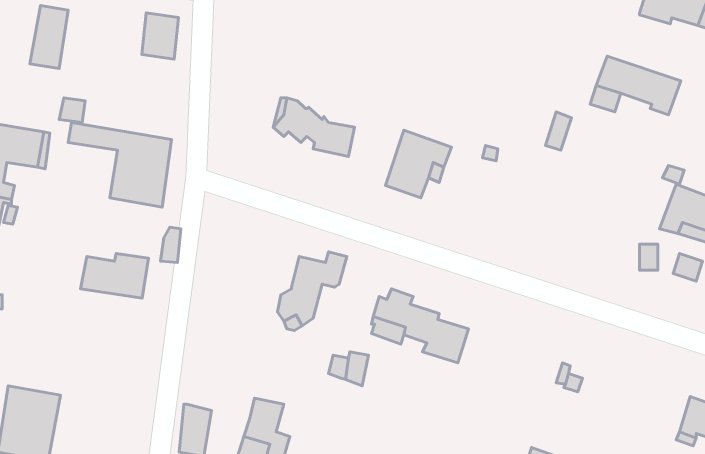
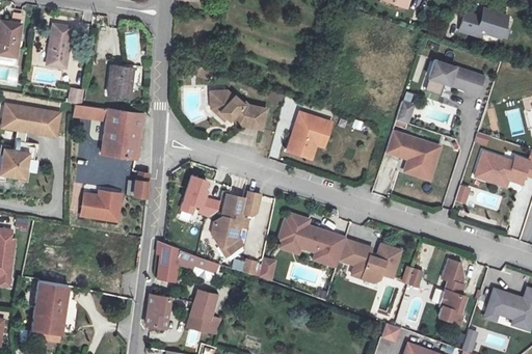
building: [142,13,179,59] -> [109,66,134,98]
building: none -> [382,130,437,175]
building: none -> [181,174,212,214]
building: none -> [338,239,400,282]
building: none -> [157,243,209,279]
building: none -> [437,260,464,323]

